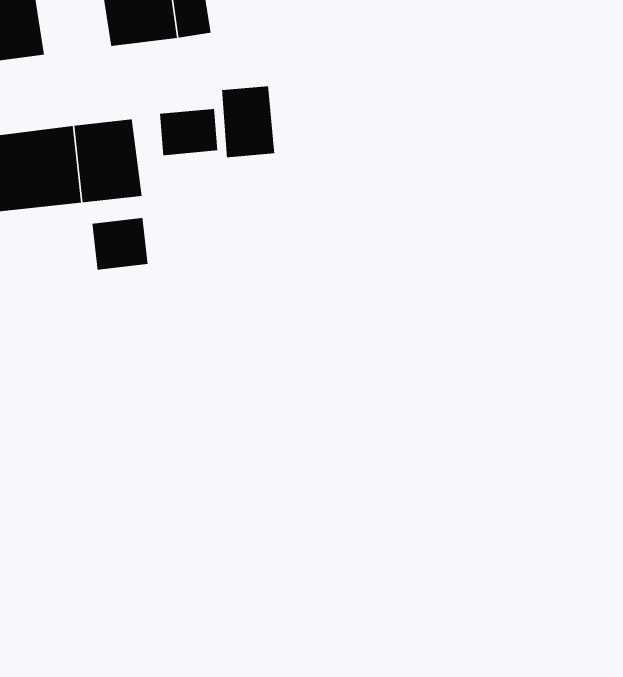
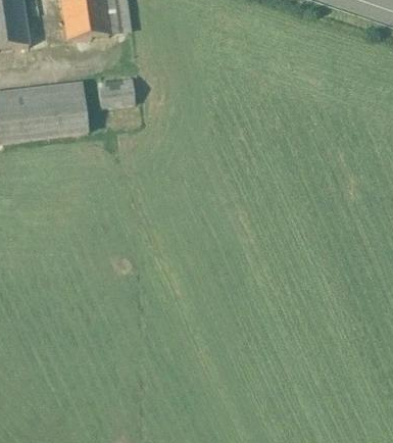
building: [221,85,275,158] -> none
building: [92,217,148,271] -> none

